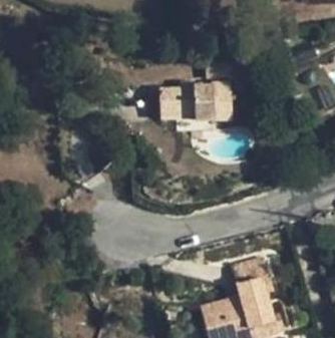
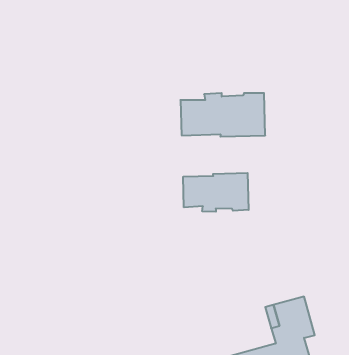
building: none -> [183,173,249,212]

